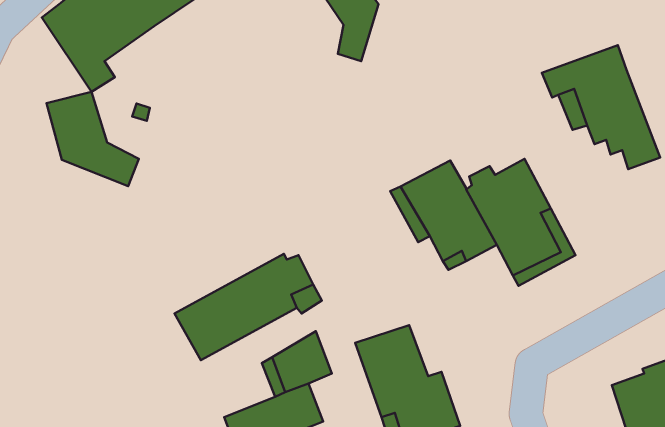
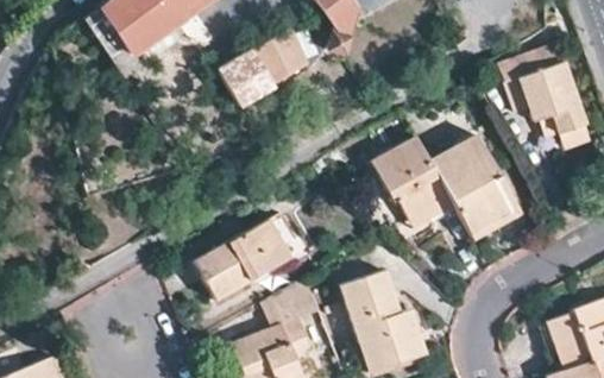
building: none -> [224,36,310,106]
building: [47,92,139,186] -> none

